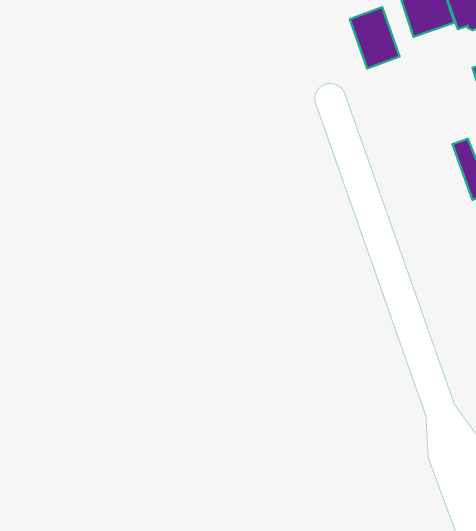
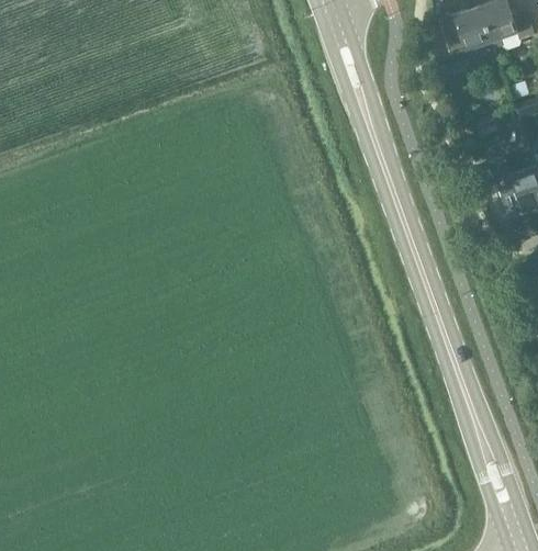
building: [350,7,400,69] -> none

